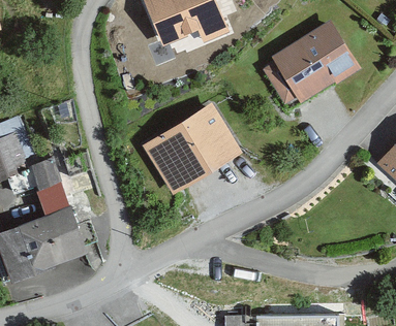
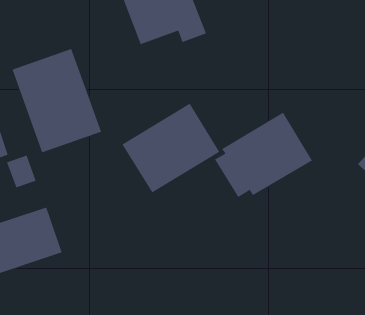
building: [263,22,361,107] -> [214,112,313,198]
building: none -> [12,48,102,153]

